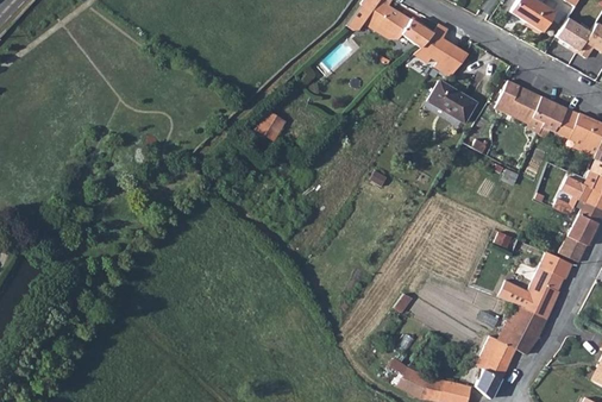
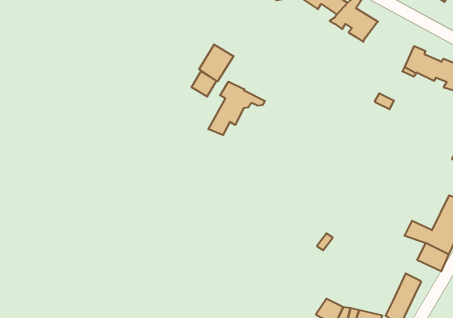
building: [425,80,475,123] -> none
building: none -> [199,44,234,81]
building: none -> [208,82,265,135]
building: [497,321,538,353] -> none

